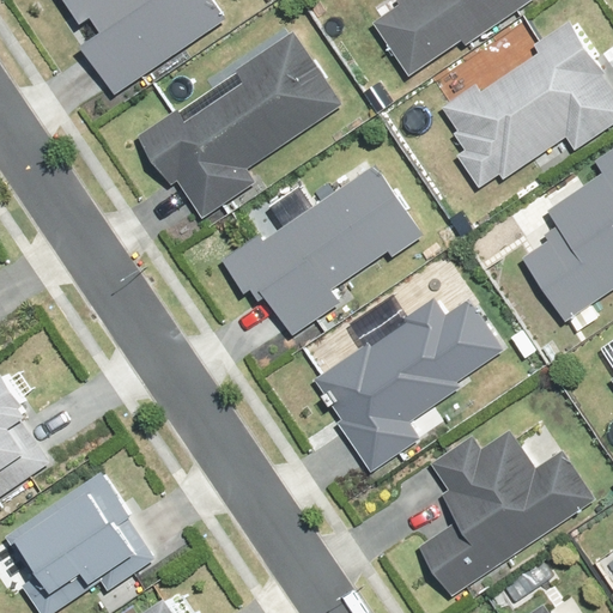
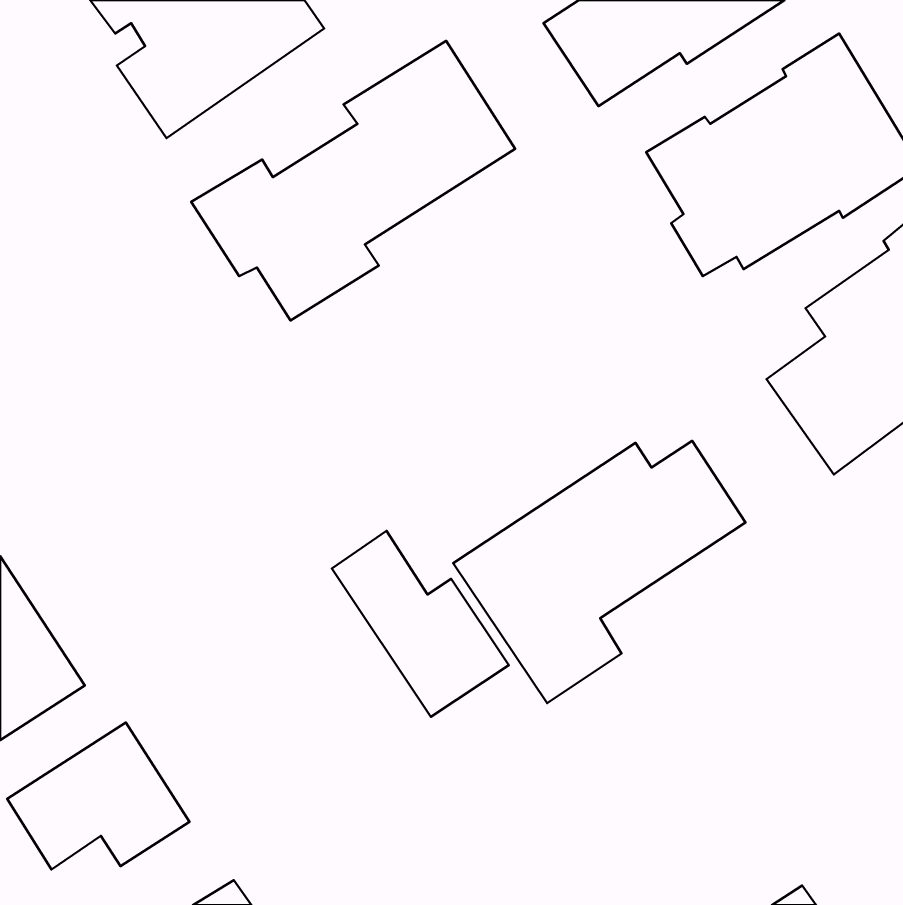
building: [216,163,425,336] -> none
building: none -> [332,531,509,717]
building: [418,426,597,594] -> none

